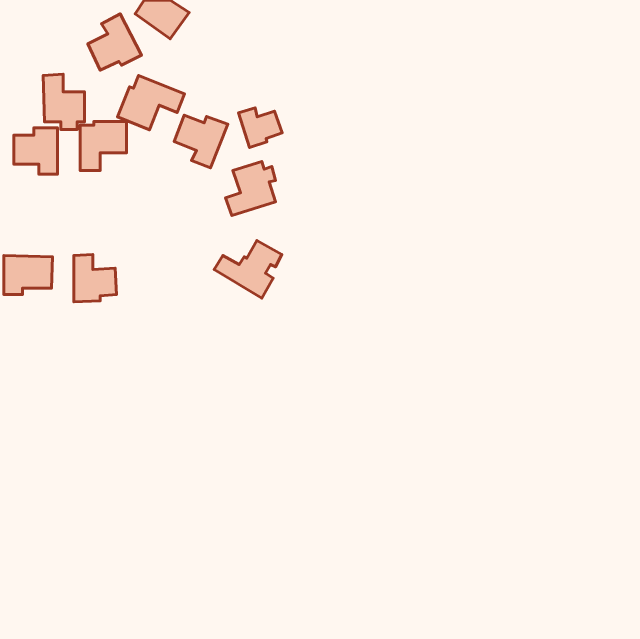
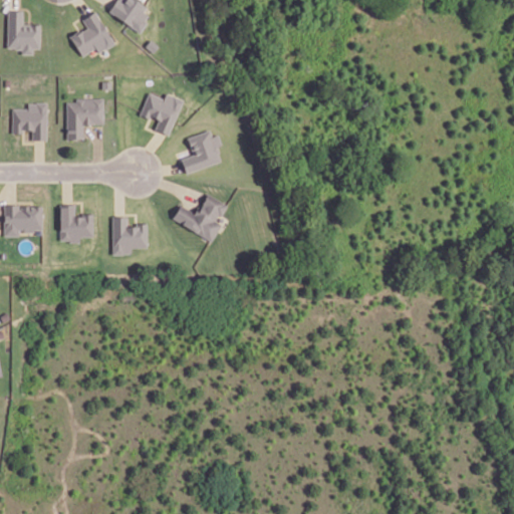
building: [43,74,85,129] -> [6,11,39,55]
building: [118,75,185,130] -> none
building: [239,108,282,148] -> none
building: none -> [111,217,147,255]

